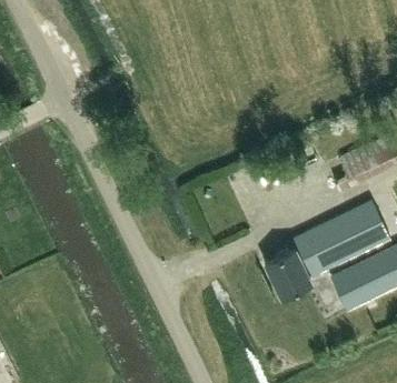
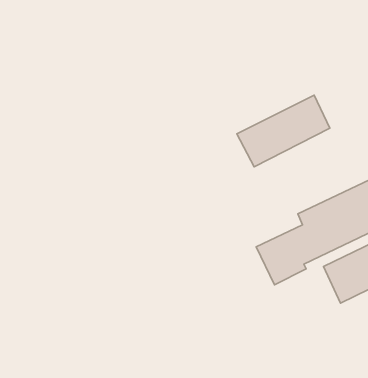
building: none -> [237,95,330,167]

